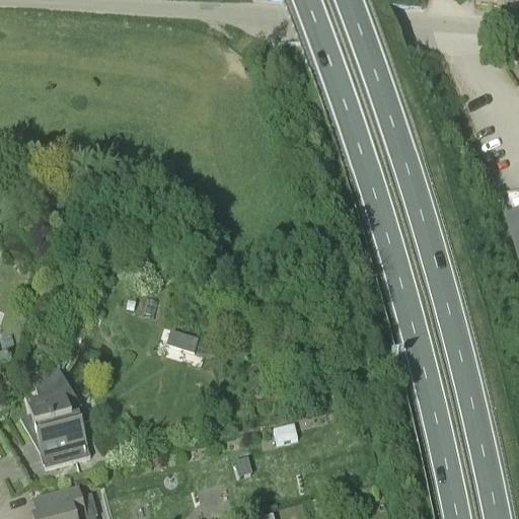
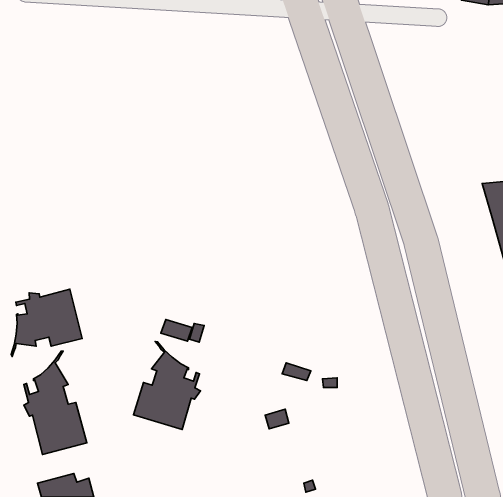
building: none -> [11,289,82,357]
building: none -> [134,342,200,430]

